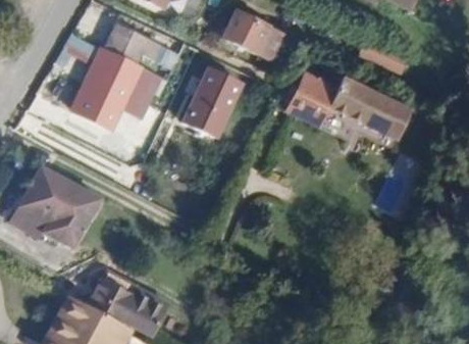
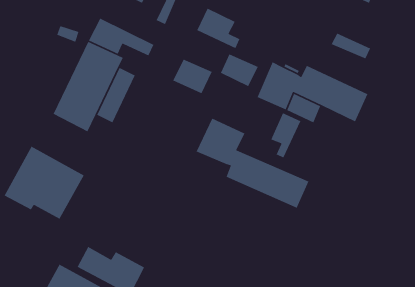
building: [184,92,226,130] -> [220,53,259,87]
building: none -> [270,112,301,159]
building: none -> [196,117,310,209]

